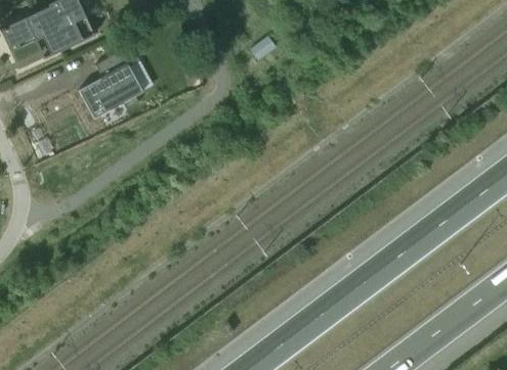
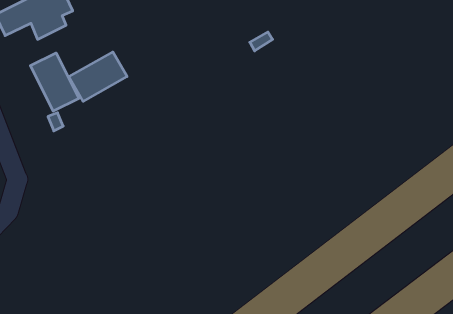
building: none -> [30,53,79,111]

